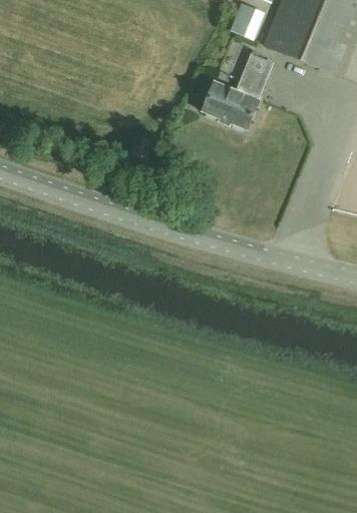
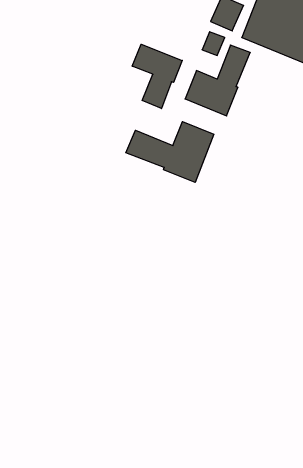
building: none -> [132,44,182,109]
building: none -> [126,122,214,182]

